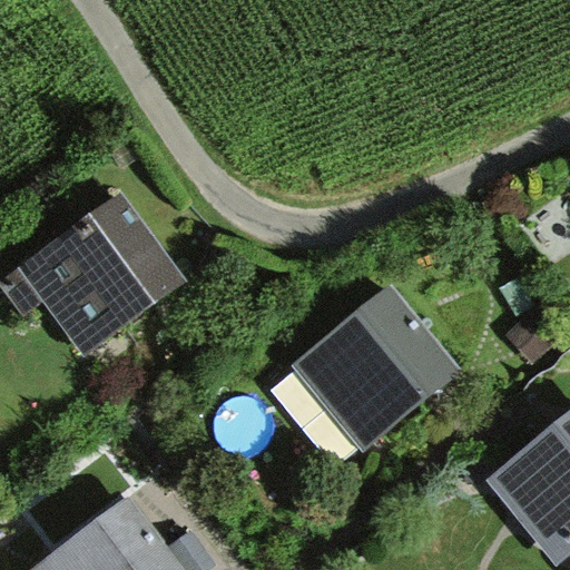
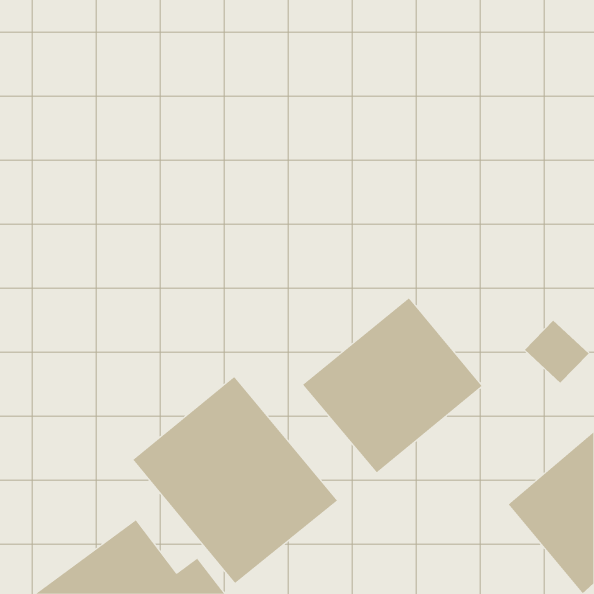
building: [17,199,171,353] -> none
building: none -> [132,376,338,584]

